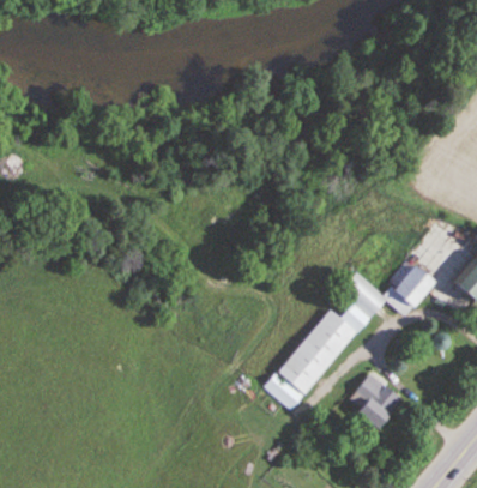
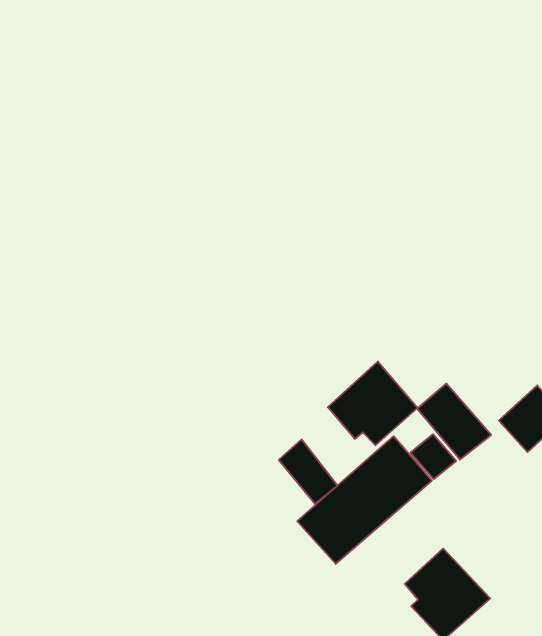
building: none -> [328,361,418,445]
building: [264,373,302,411] -> [279,440,337,504]

